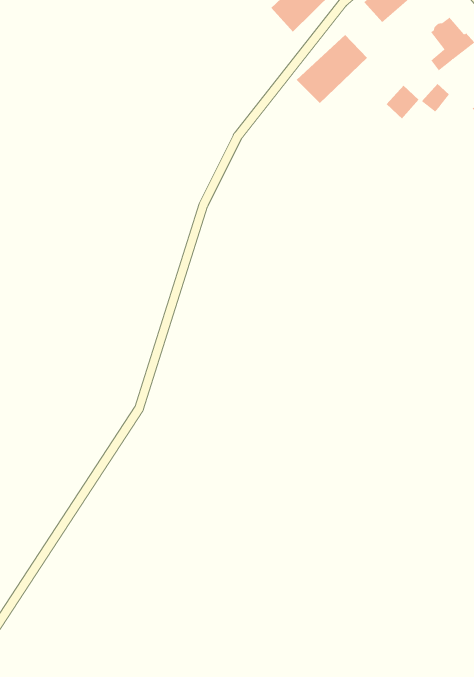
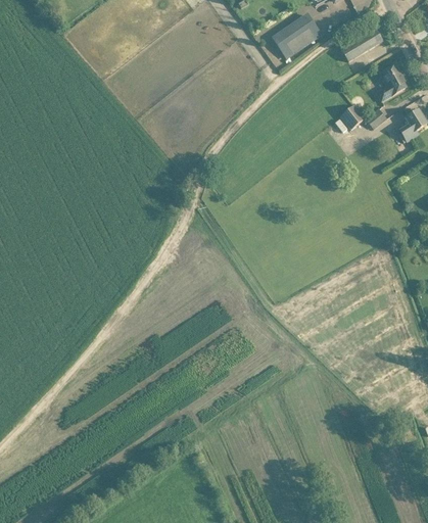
building: [296,34,368,104] -> none

